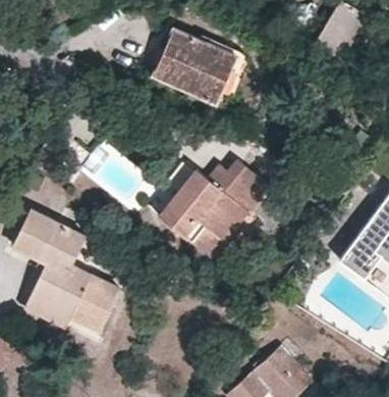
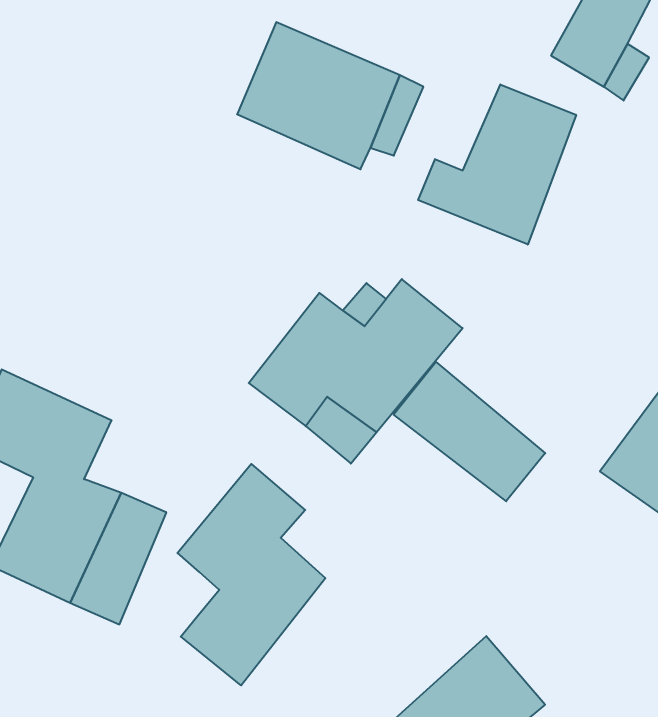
building: none -> [418,84,576,245]
building: none -> [394,362,545,501]
building: none -> [177,464,325,685]

